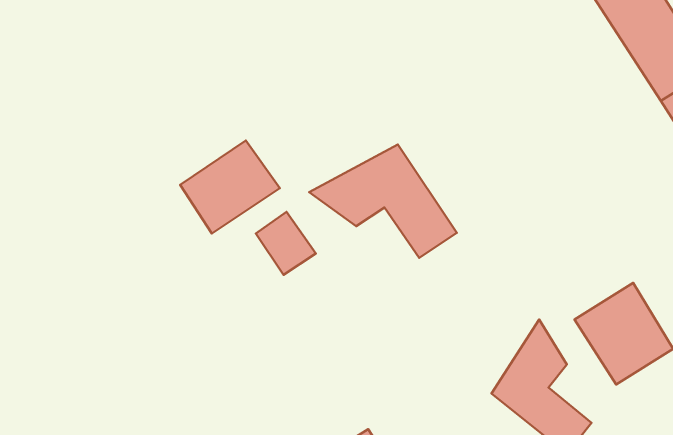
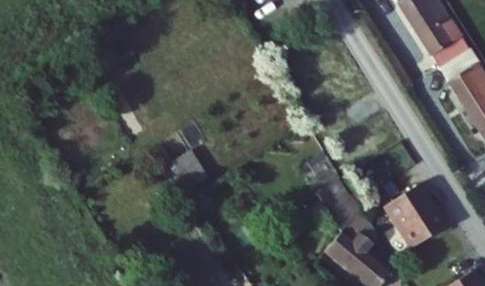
building: [180,141,280,234] -> none
building: [309,145,457,258] -> none

